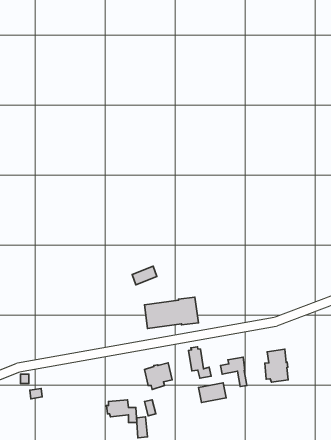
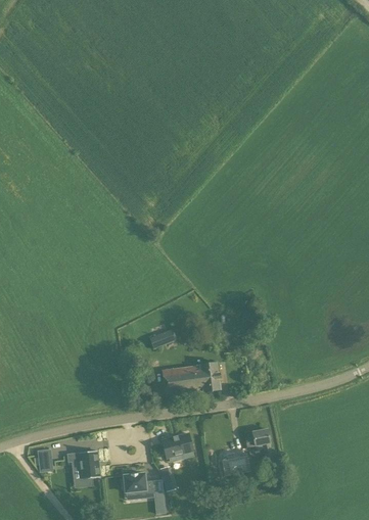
building: [188,347,211,378] -> none
building: [265,349,288,382] -> none
building: none -> [67,450,100,478]

